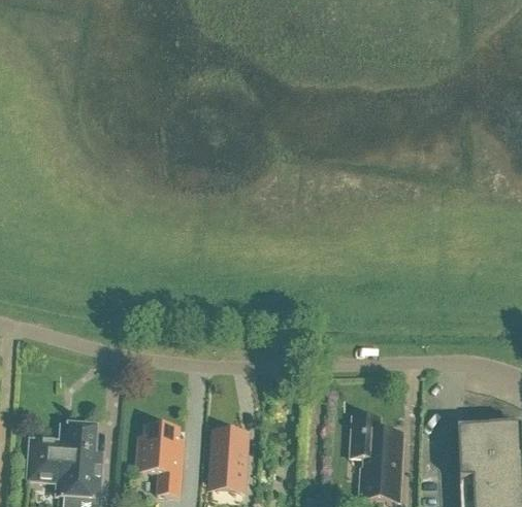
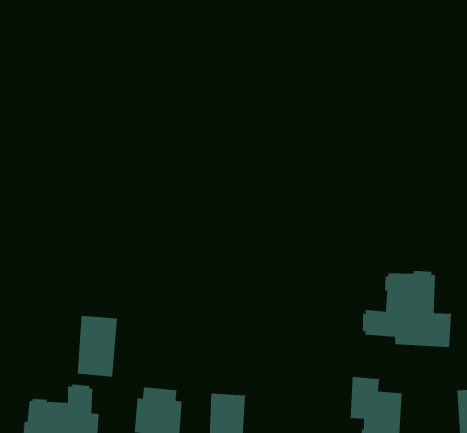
building: none -> [363,270,452,348]
building: none -> [77,315,118,378]

